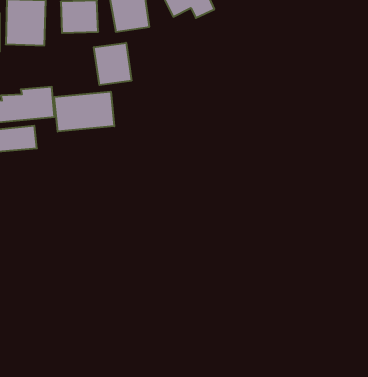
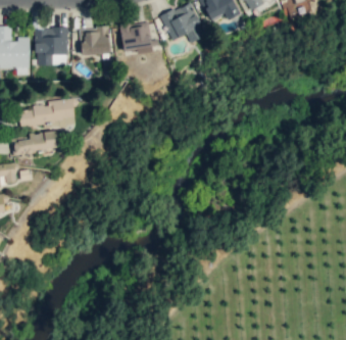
building: [94,43,131,85] -> none
building: [54,92,114,132] -> none

